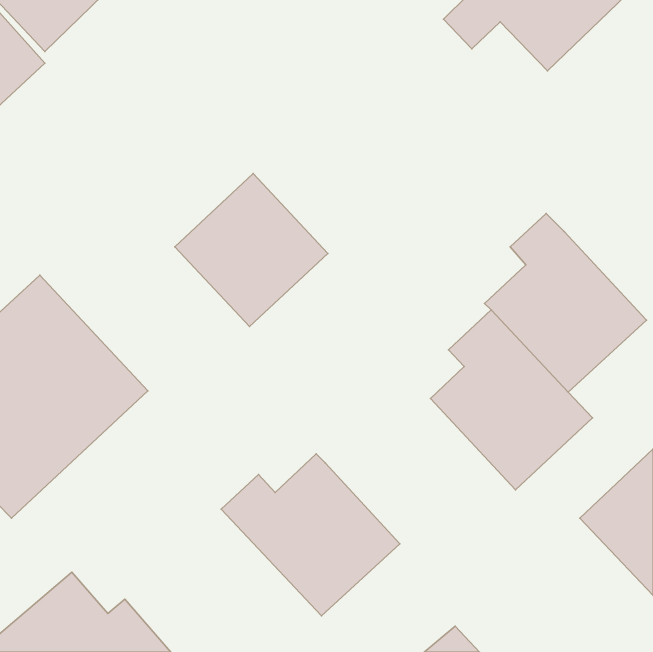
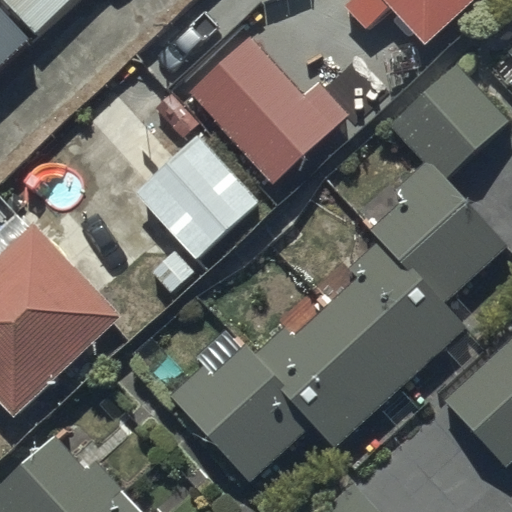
building: none -> [186,33,345,181]
building: none -> [390,68,503,180]
building: none -> [253,310,401,445]

